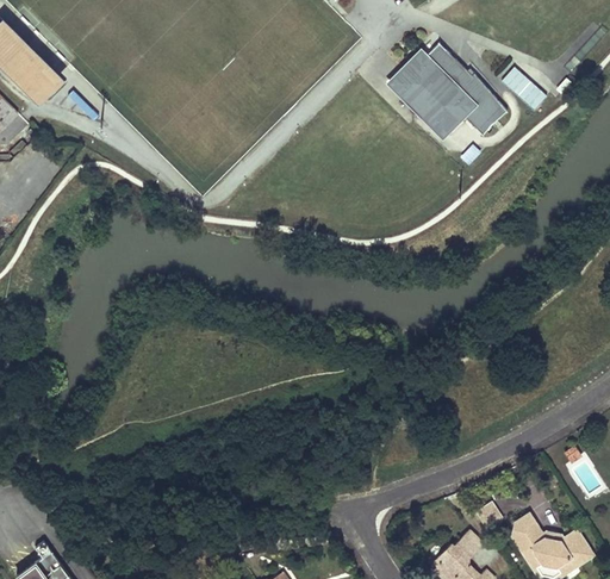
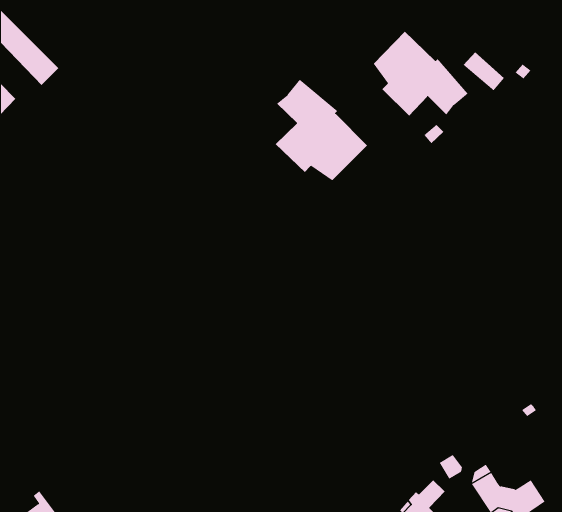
building: [391,54,425,107] -> none
building: none -> [275,79,368,181]

